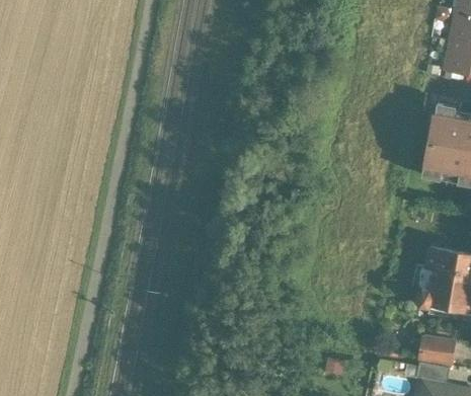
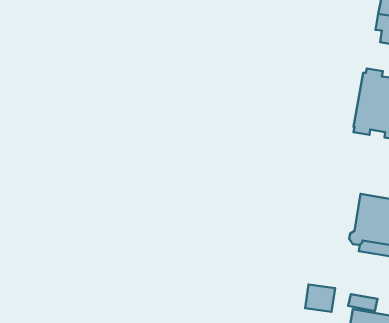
building: [420,333,455,365] -> [305,284,335,312]

